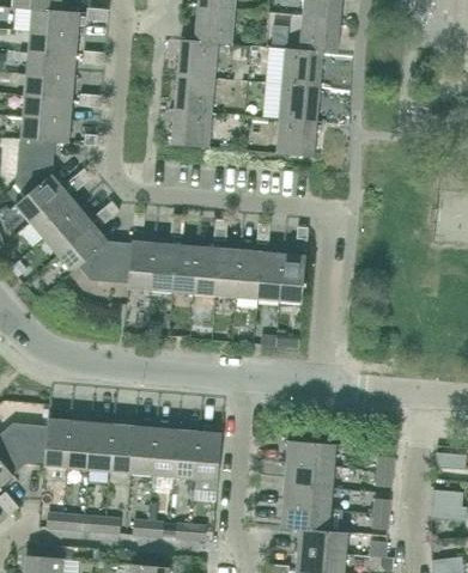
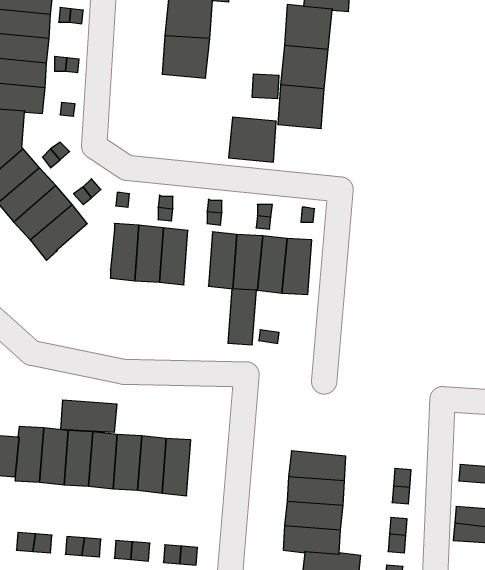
building: [170,109,212,148] -> [229,117,276,162]
building: [80,240,132,281] -> none
building: [193,246,218,295] -> [228,289,256,345]
building: none -> [61,400,117,432]
building: [195,431,221,481] -> none

